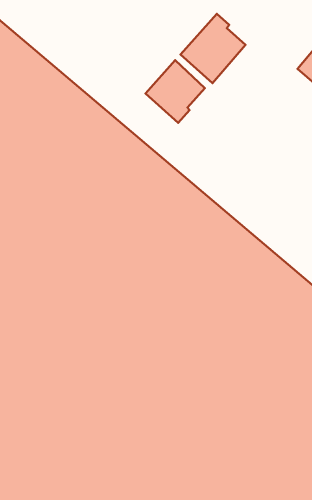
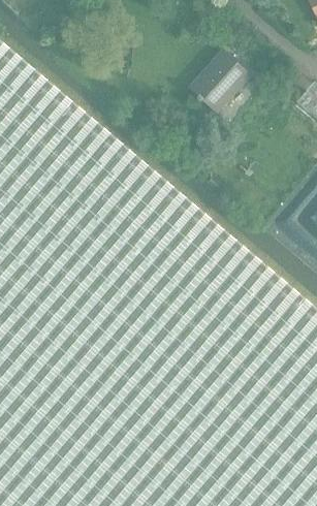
building: [145,60,205,123] -> none

